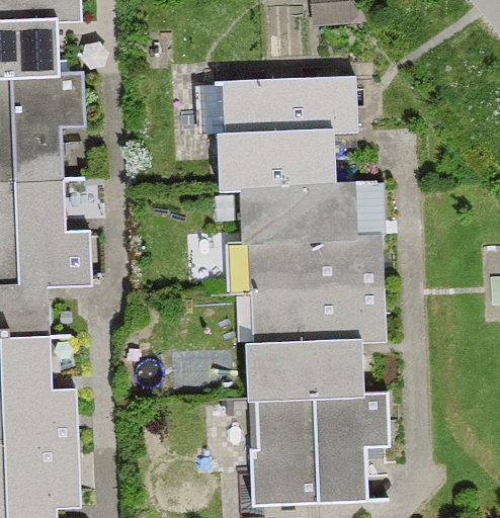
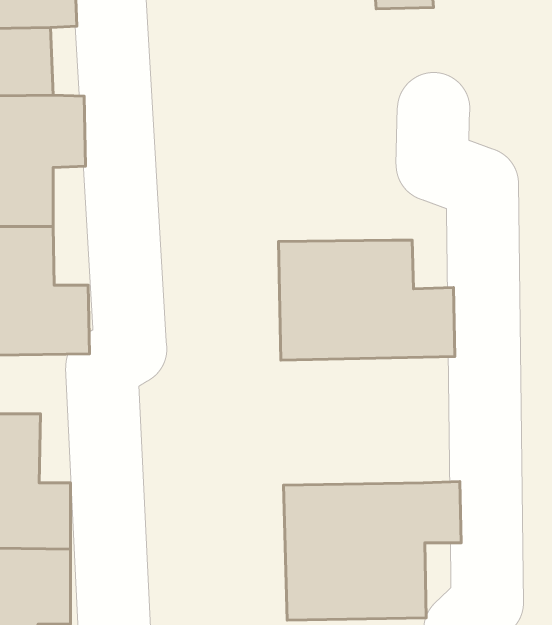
building: [196,77,354,196] -> none
building: [246,289,388,394] -> none

